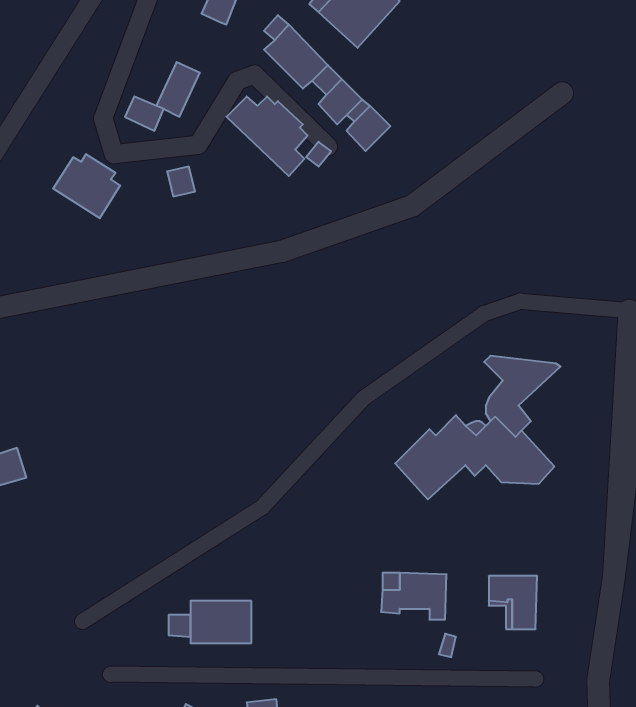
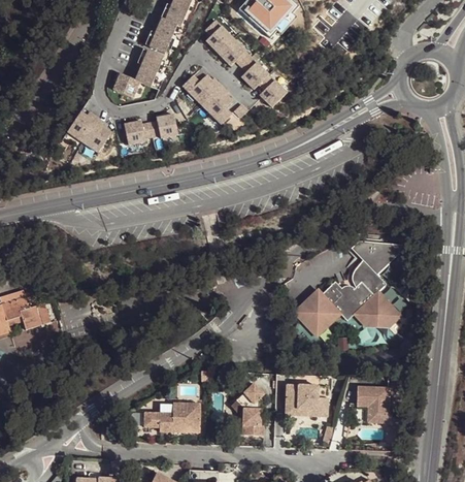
building: none -> [150,15,178,52]
building: none -> [157,111,179,138]
building: none -> [125,119,146,144]
building: none -> [233,385,261,436]

